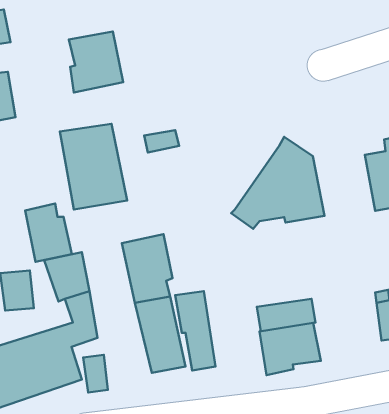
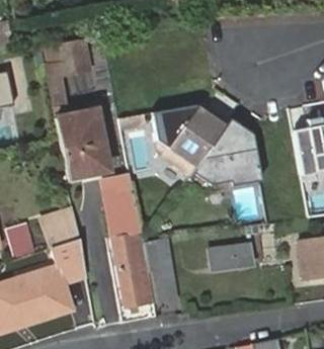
building: none -> [47,42,69,104]
building: none -> [153,104,227,175]
building: none -> [99,170,137,201]
building: [25,203,72,262] -> none
building: [260,323,321,375] -> none

